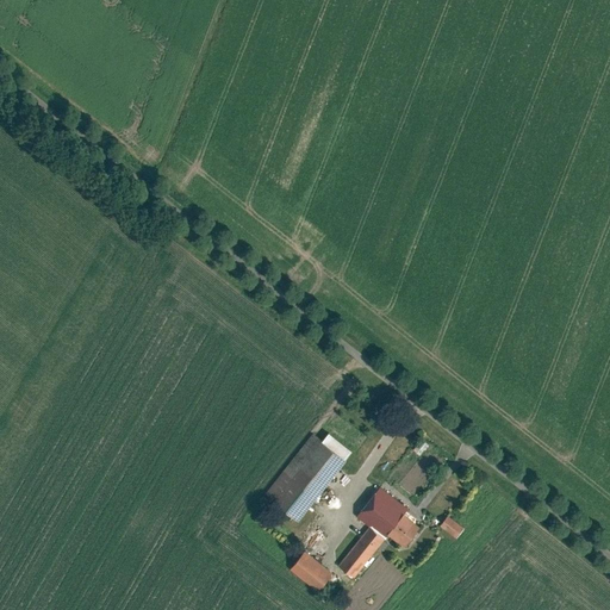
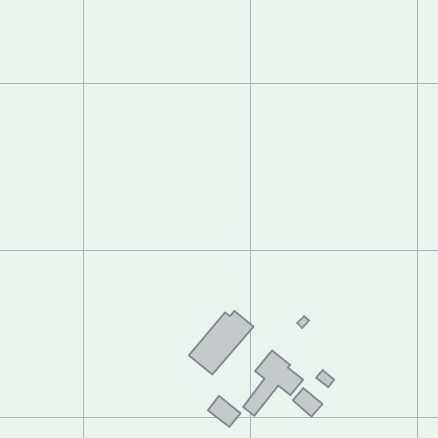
building: none -> [293,388,322,417]

